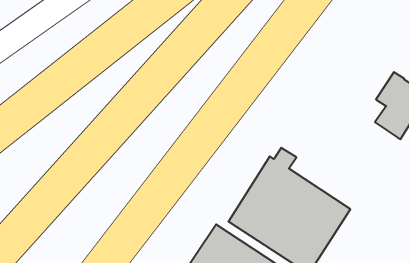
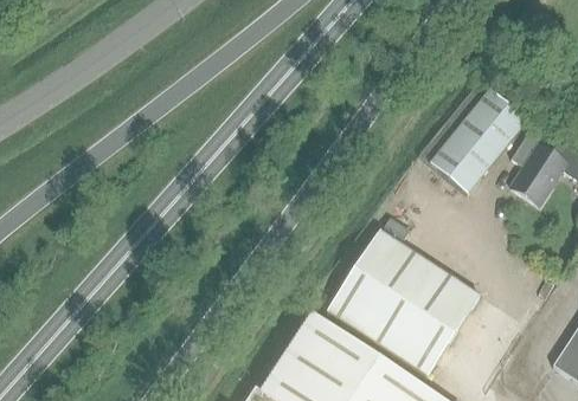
building: none -> [430,89,527,193]

